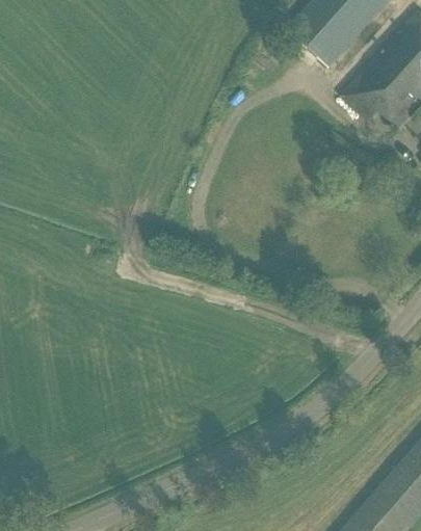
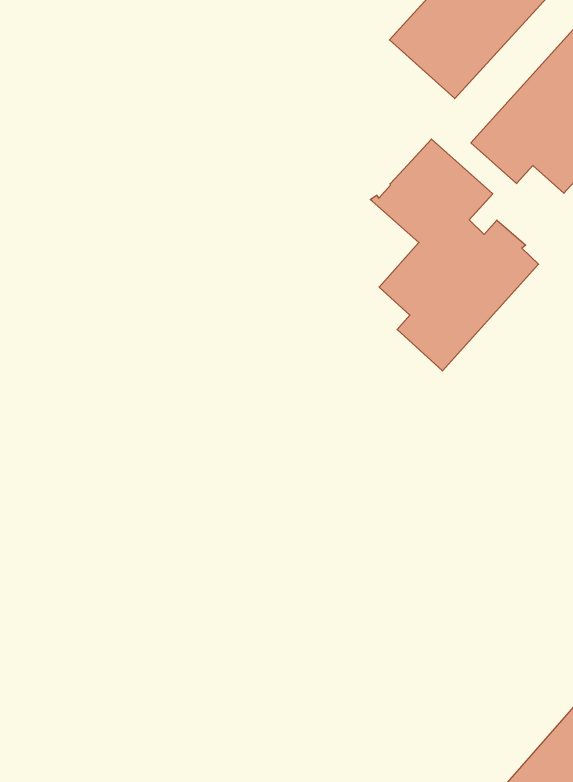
building: none -> [370,139,539,371]

